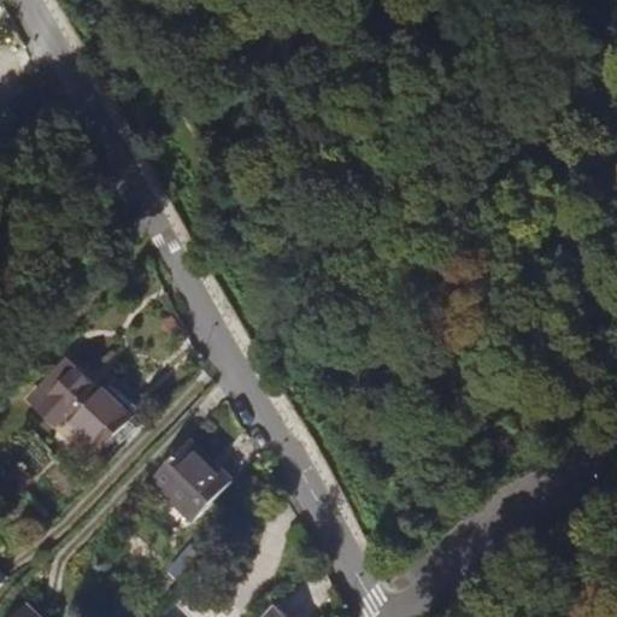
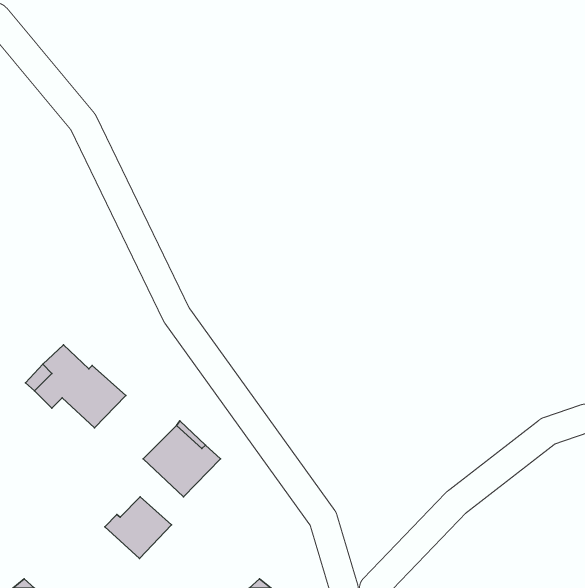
building: none -> [105,497,171,558]

